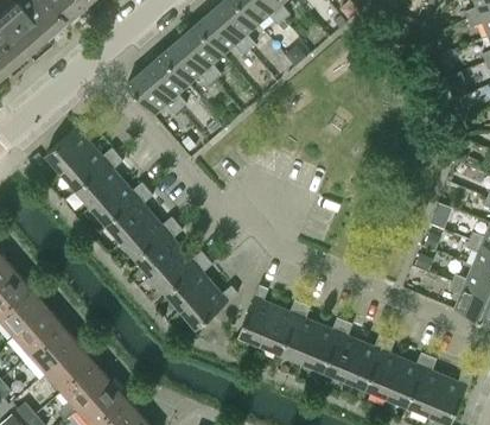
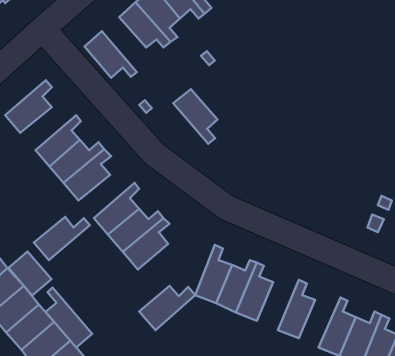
building: [144,53,189,109] -> [173,89,218,144]
building: [61,145,117,189] -> none
building: [120,214,177,258] -> [34,217,90,260]
building: [180,284,237,329] -> [139,286,195,330]
building: none -> [8,251,51,296]
building: [301,317,344,372] -> none
building: none -> [46,287,92,347]
building: [344,335,387,389] -> none

